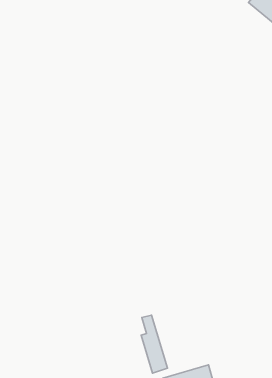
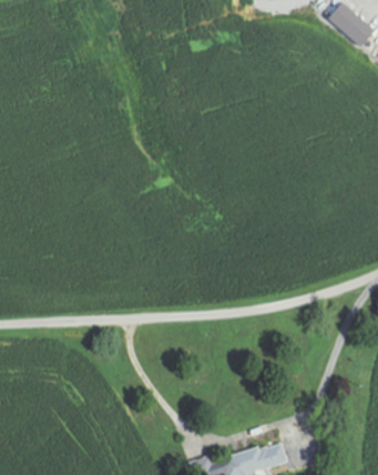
building: [141,315,167,373] -> none

